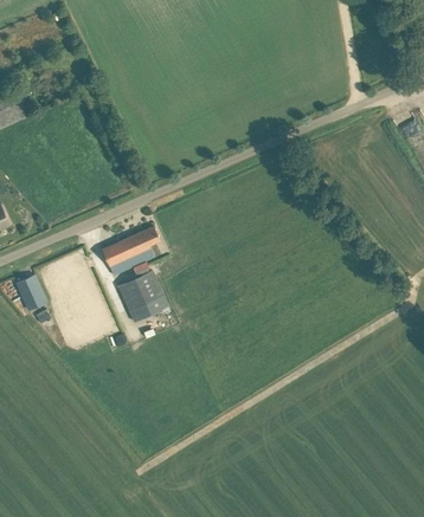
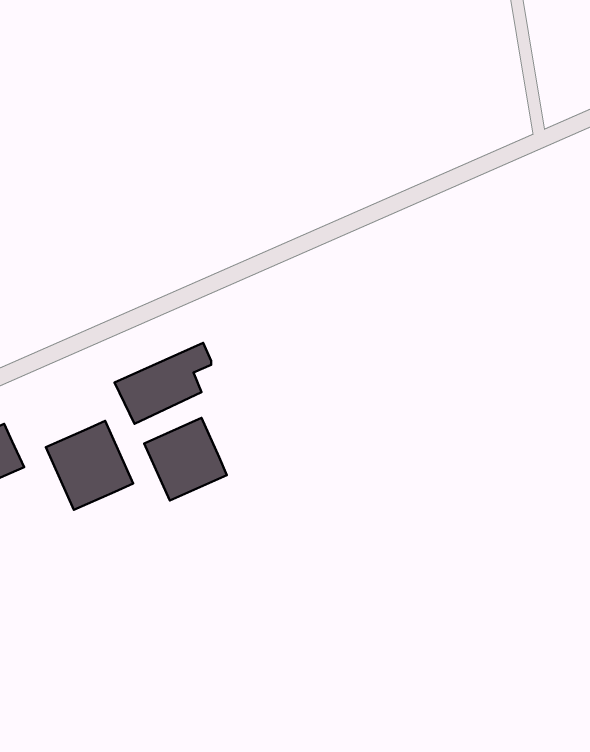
building: none -> [46,421,133,510]

